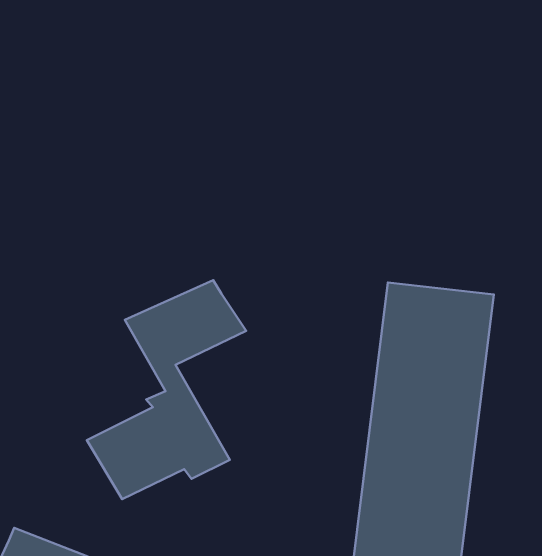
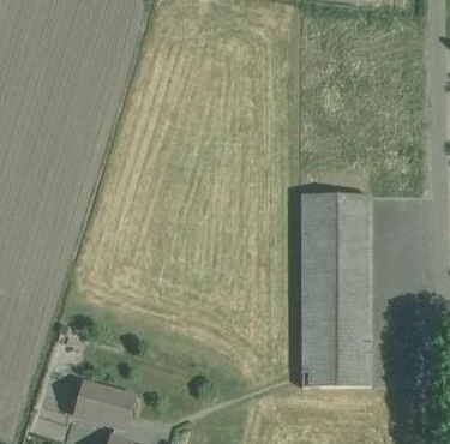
building: [87,280,246,499] -> none

